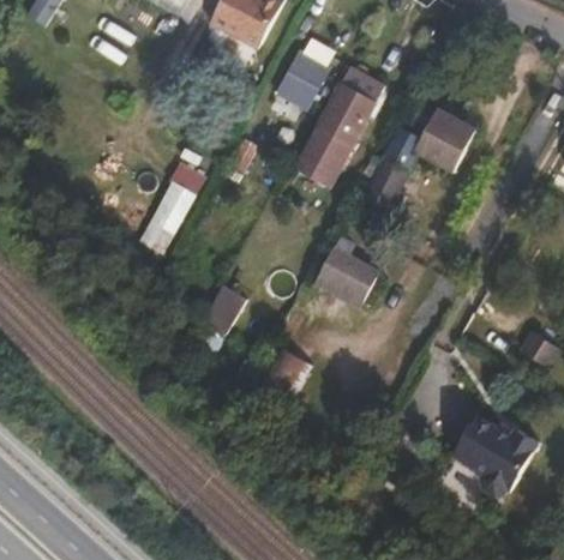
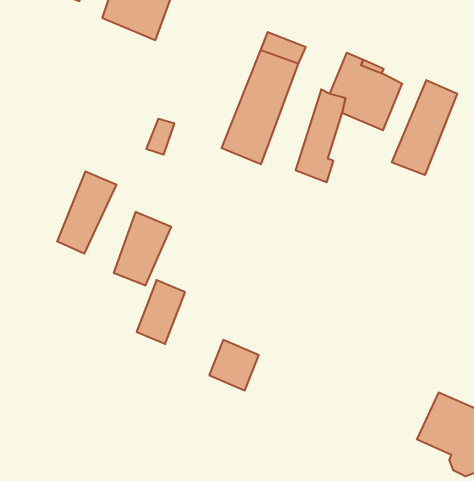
building: [272,46,331,104] -> none
building: none -> [392,80,457,175]
building: none -> [114,212,171,286]
building: [317,236,379,303] -> none

